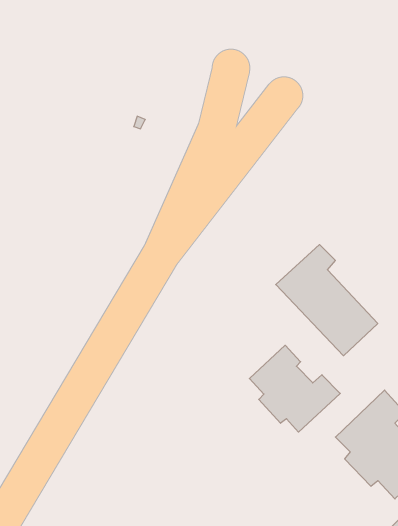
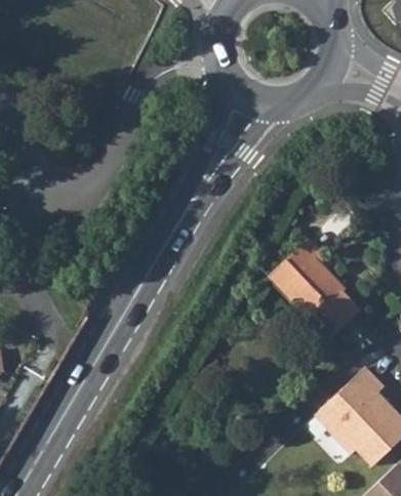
building: [249,345,340,432] -> none

